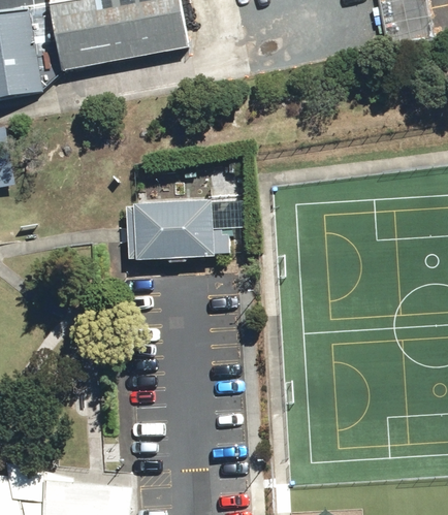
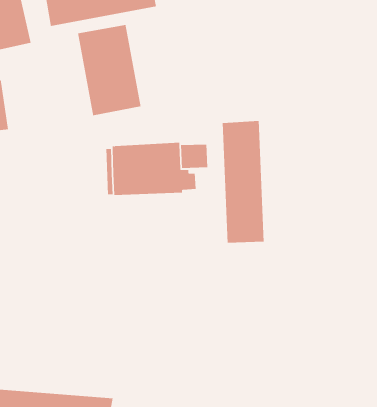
building: none -> [77,24,141,116]
building: none -> [222,120,264,243]

